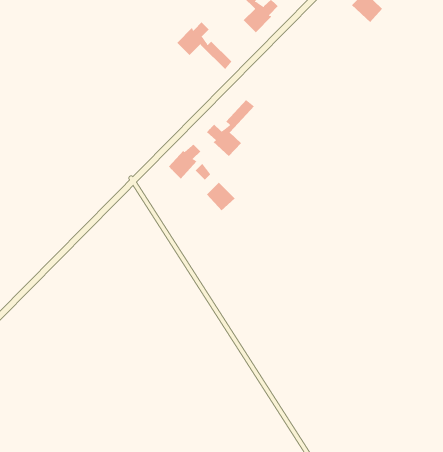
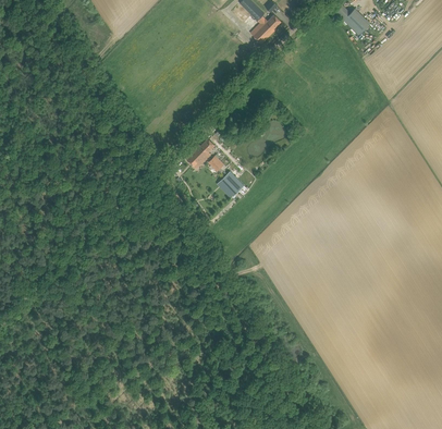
building: [177,22,232,70] -> none
building: [206,99,255,157] -> none

